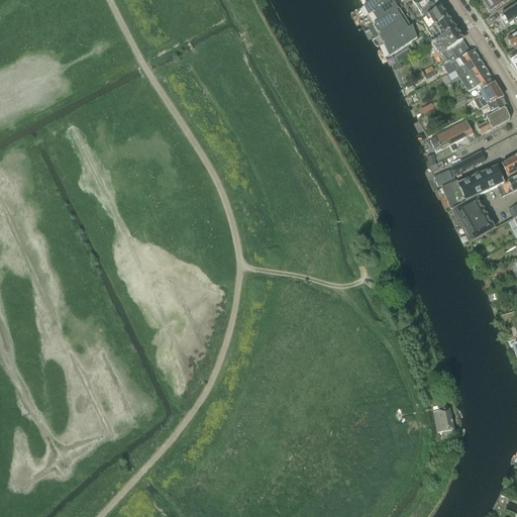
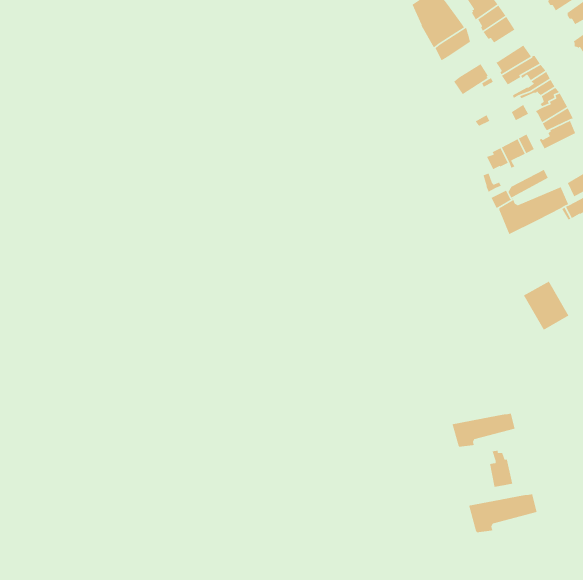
building: [432,26,463,55] -> [453,63,489,95]
building: [453,195,495,239] -> [523,280,570,331]
building: none -> [452,413,516,448]
building: none -> [468,493,538,533]

